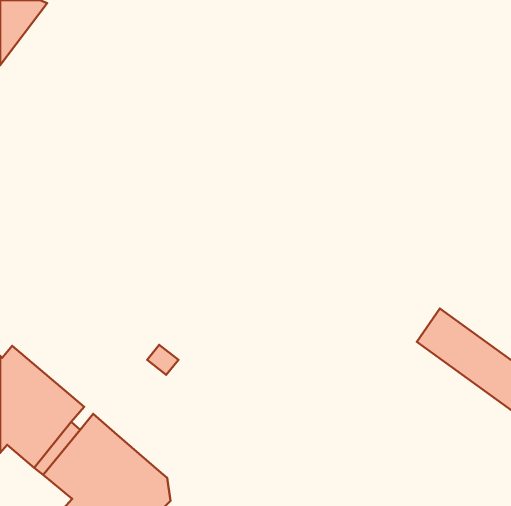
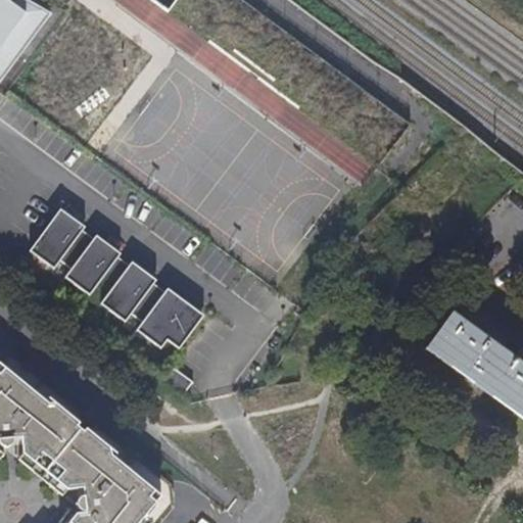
building: none -> [23,201,193,340]

